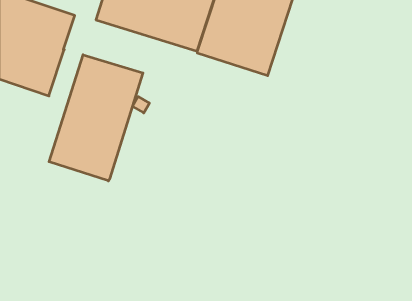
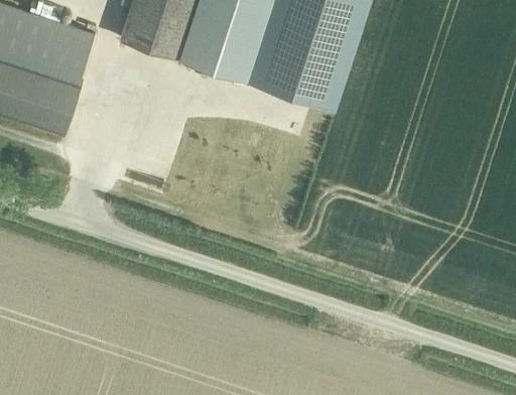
building: [49,55,143,181] -> none

